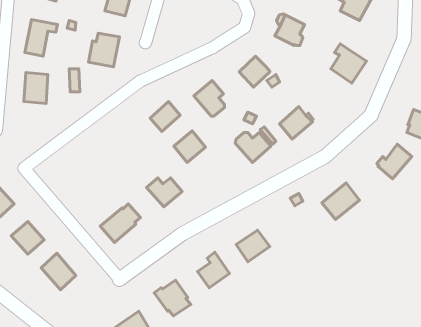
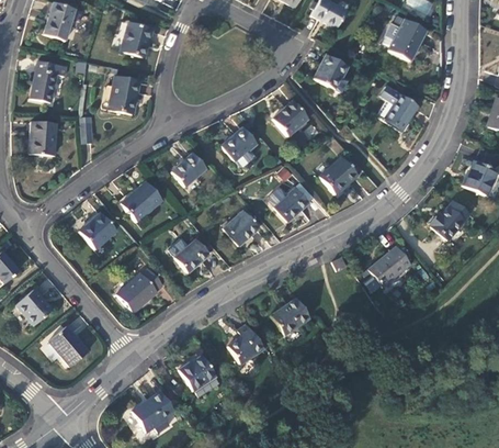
building: none -> [121,180,162,221]
building: [174,131,206,163] -> [224,210,260,246]
building: none -> [79,210,115,247]

